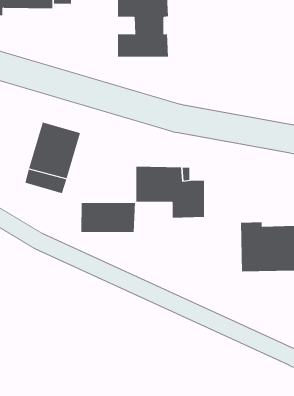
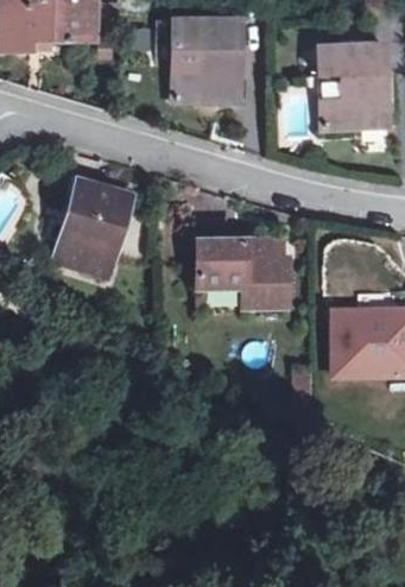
building: none -> [319,44,388,127]
building: [81,202,136,233] -> none

